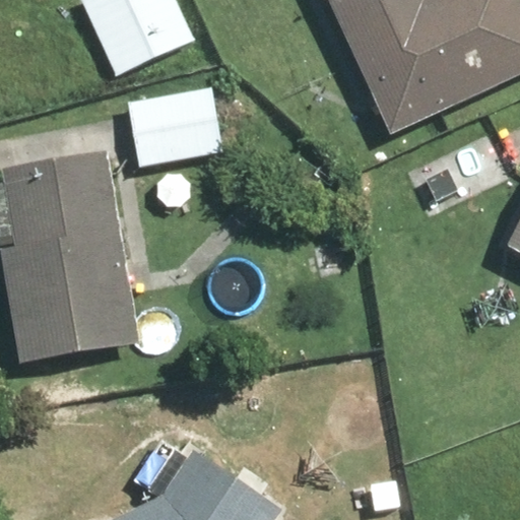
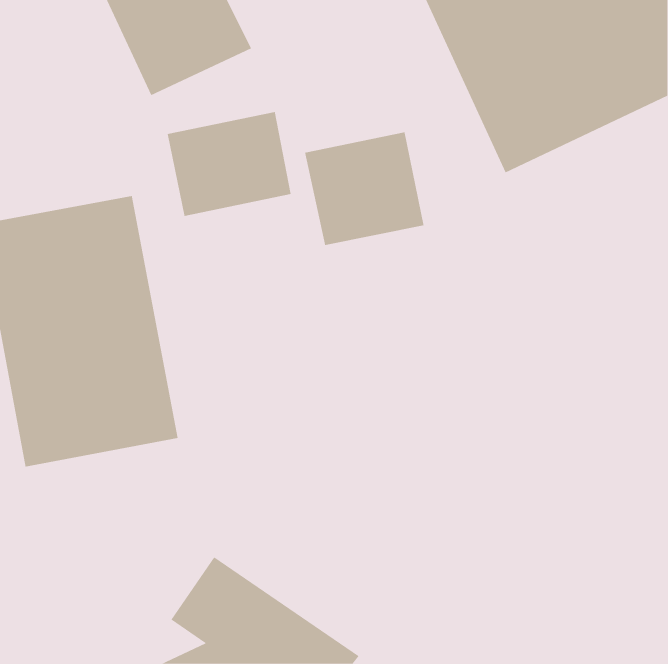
building: none -> [305,132,424,246]

